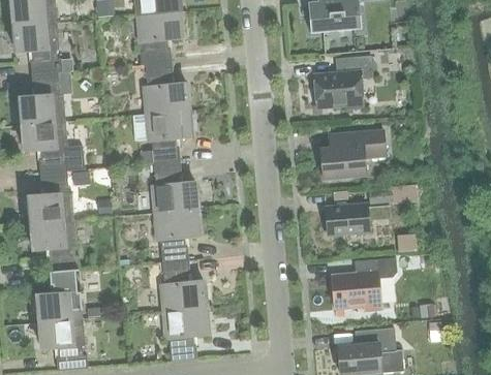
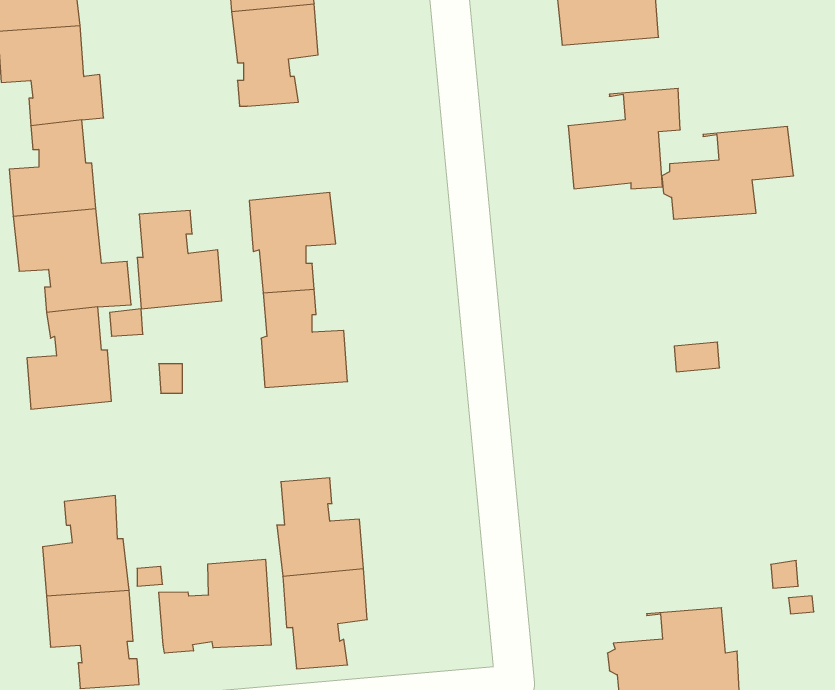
building: [144,62,188,114] -> [137,210,222,309]
building: [316,129,386,178] -> [662,127,794,219]
building: [326,204,391,235] -> none
building: [154,209,200,261] -> none
building: [31,219,80,272] -> none
building: [331,256,397,316] -> none
building: none -> [159,559,271,653]

